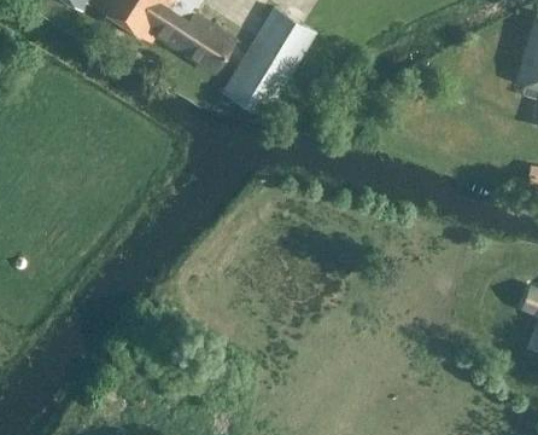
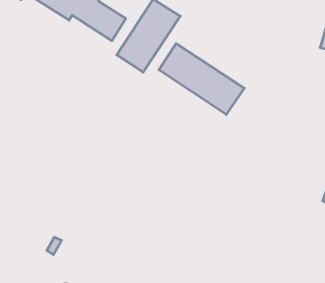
building: none -> [159,44,244,115]

